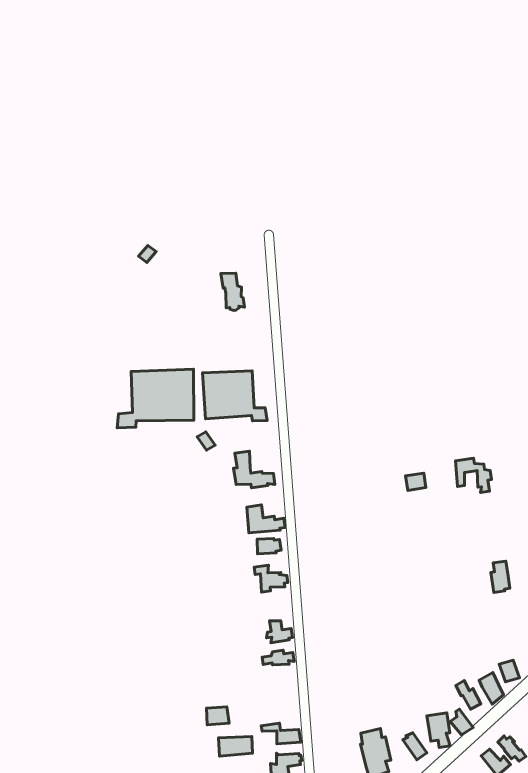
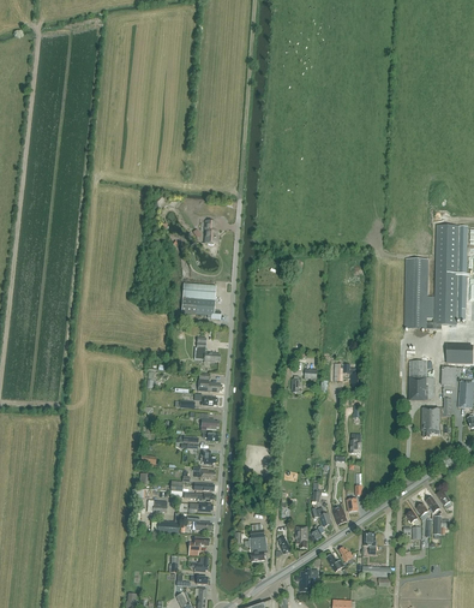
building: [117,369,194,428] -> none

